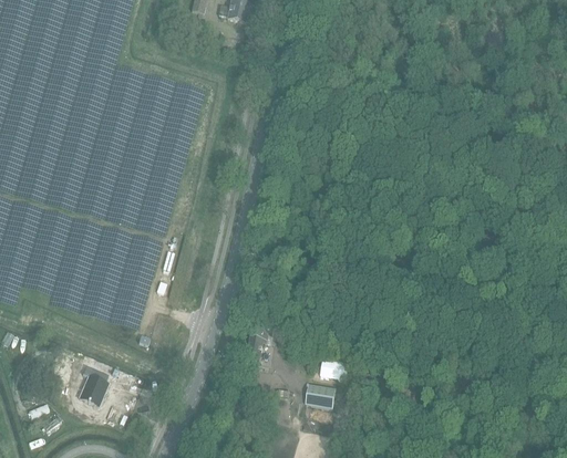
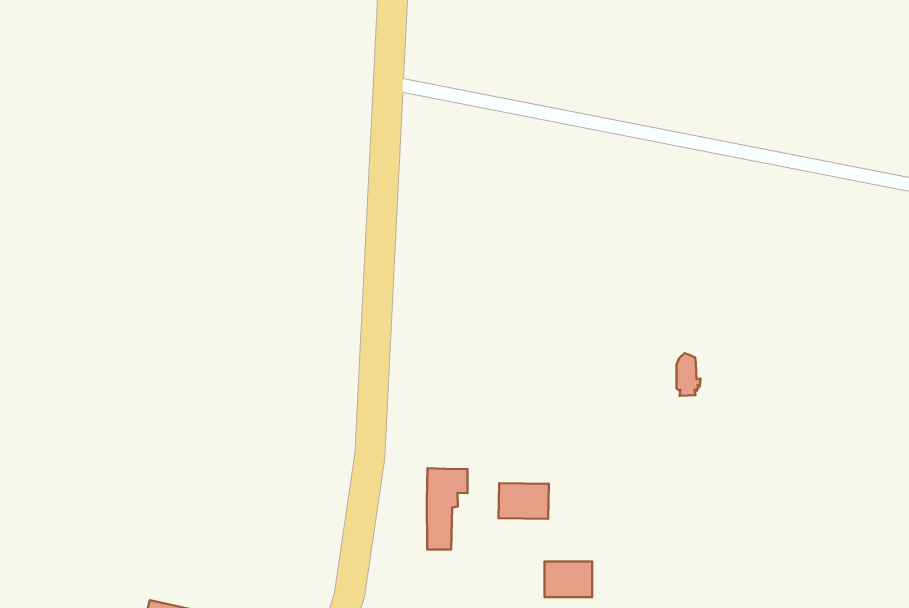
building: none -> [499,483,549,519]

